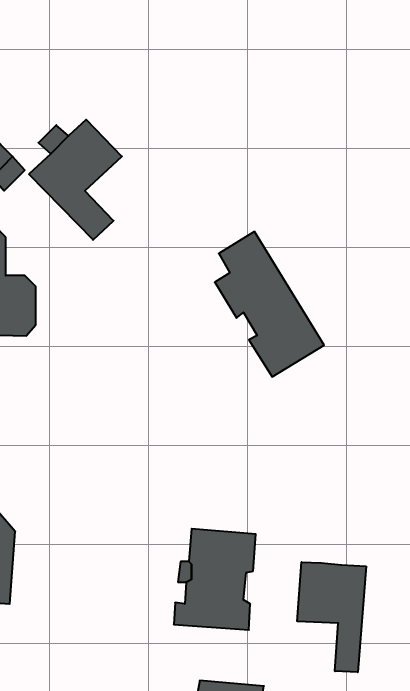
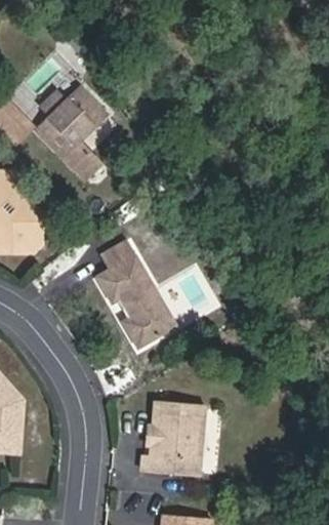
building: [215,232,324,377] -> [93,240,175,349]
building: [297,562,366,672] -> none

